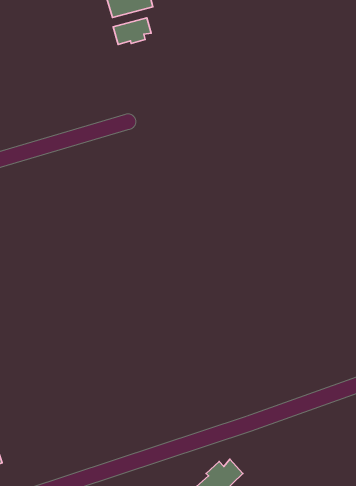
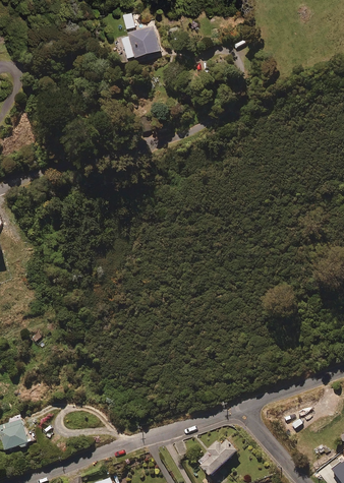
building: [113,18,151,45] -> none

